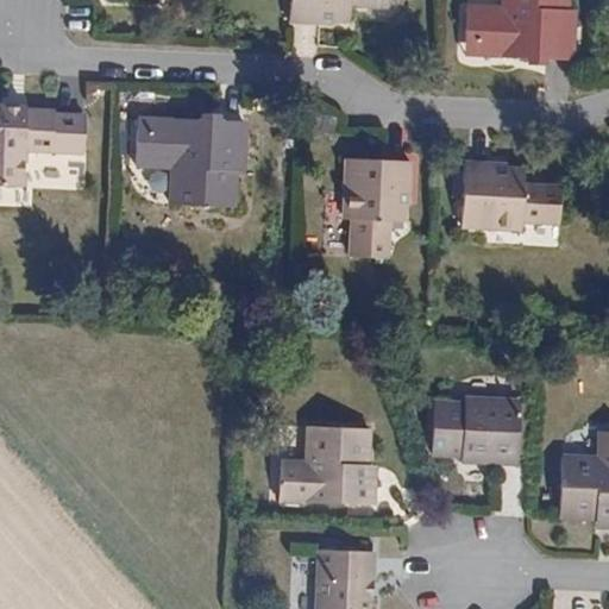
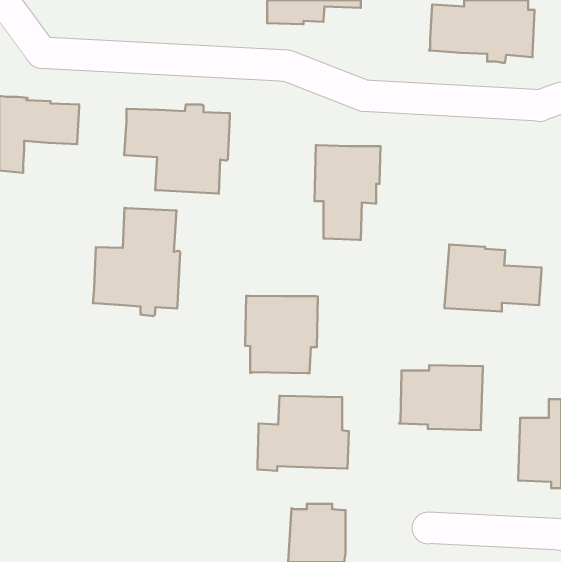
building: [459,159,564,232] -> [445,245,541,312]
building: none -> [93,208,180,316]
building: none -> [245,296,318,373]

